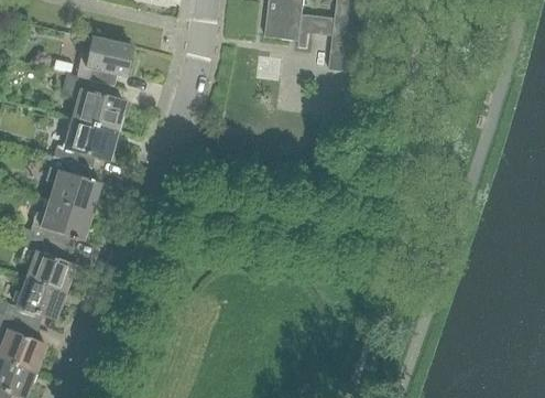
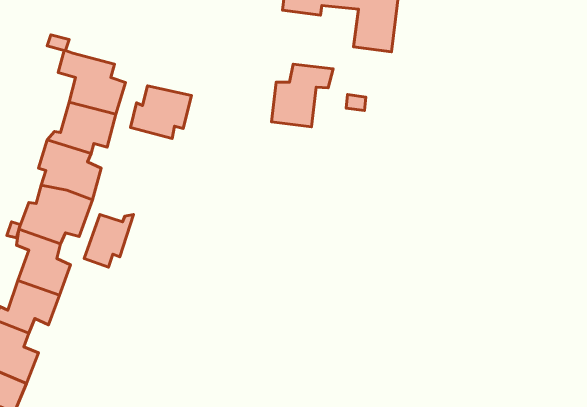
building: [76,36,131,84] -> [130,86,192,138]
building: none -> [271,64,333,127]
building: none -> [84,214,134,267]

